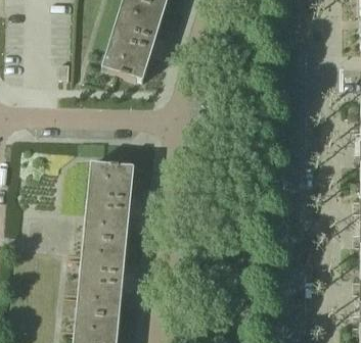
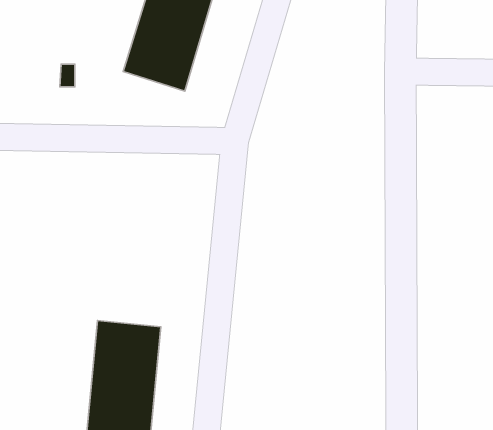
building: [84,159,134,240] -> none

